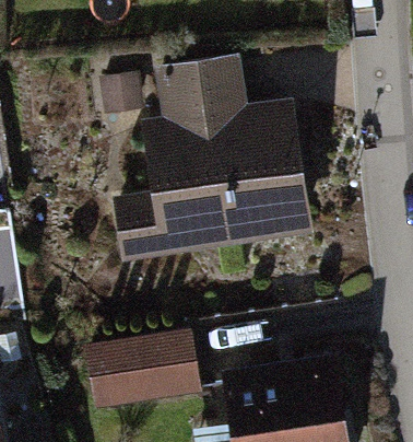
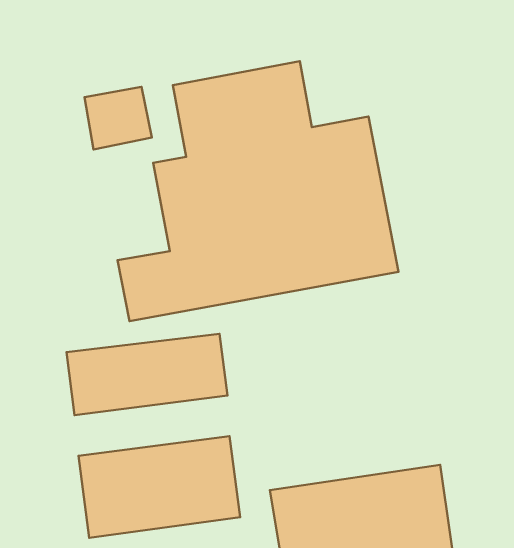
building: none -> [66,334,227,415]

